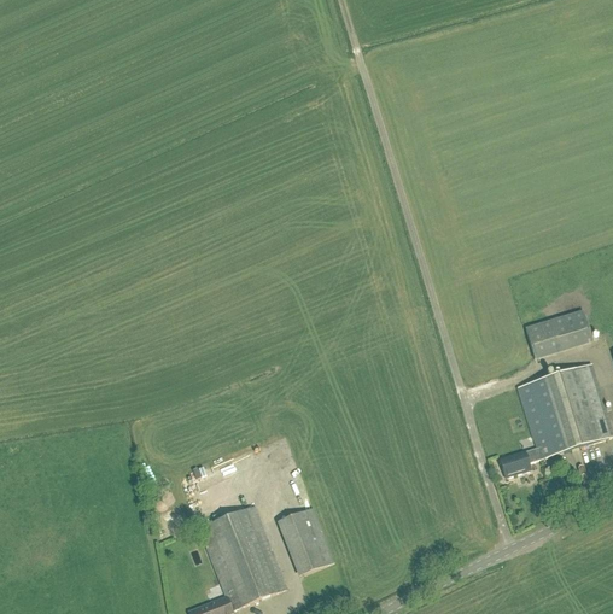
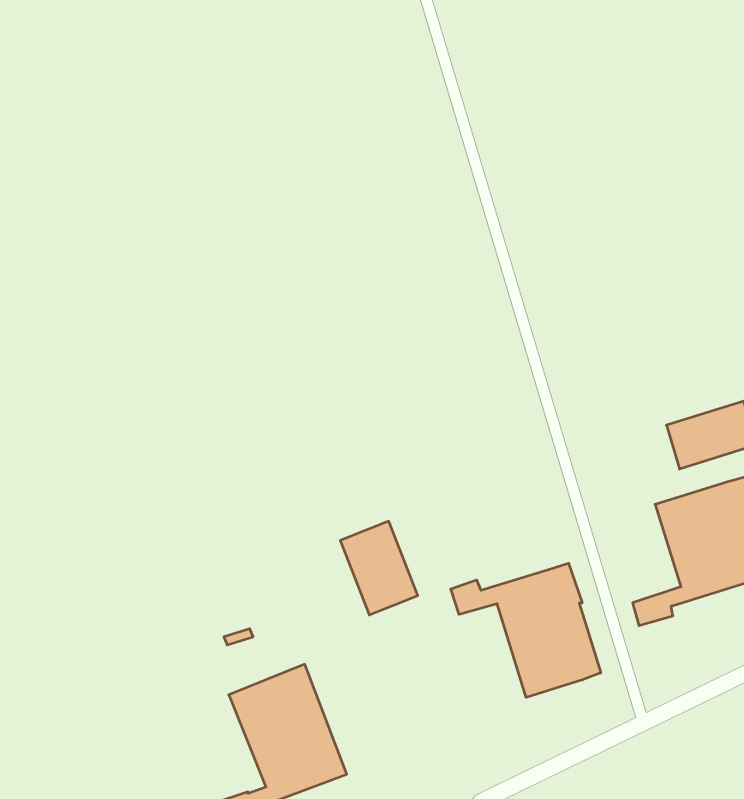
building: none -> [451,563,601,697]
building: [276,505,334,575] -> [340,521,418,615]

